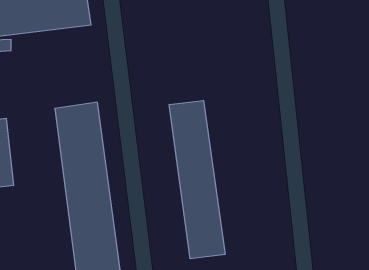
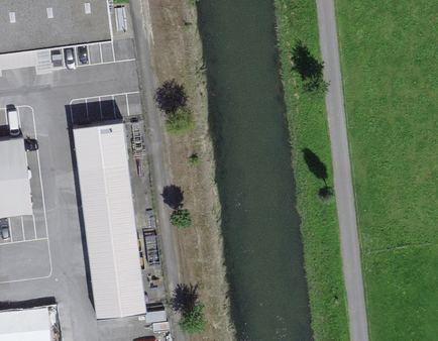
building: [169,100,225,259] -> none

